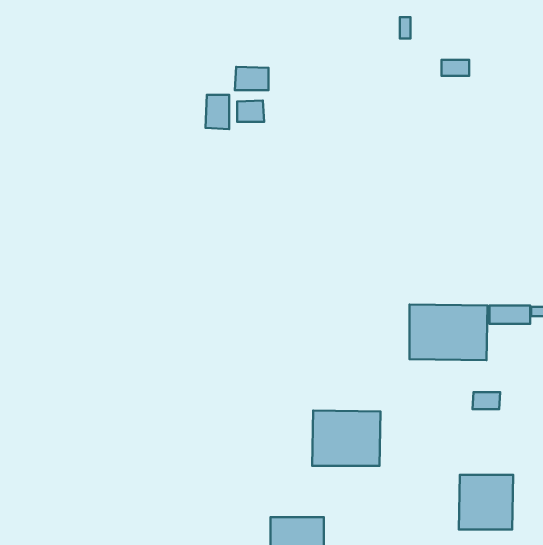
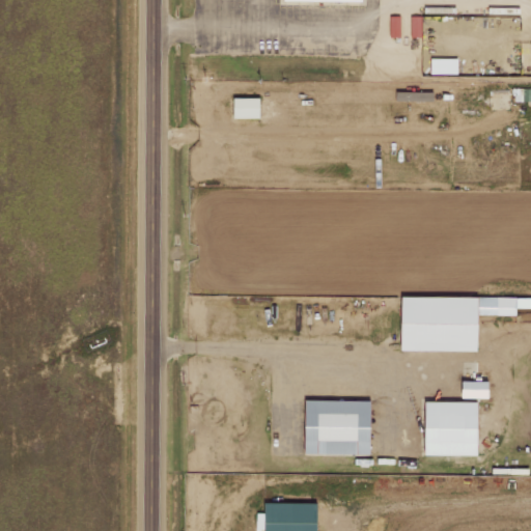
building: [235,67,268,90] -> none
building: [206,95,229,129] -> none
building: [459,475,513,529] -> [424,402,477,455]

